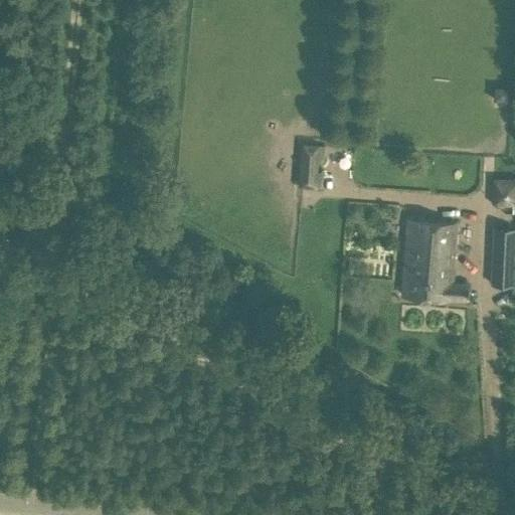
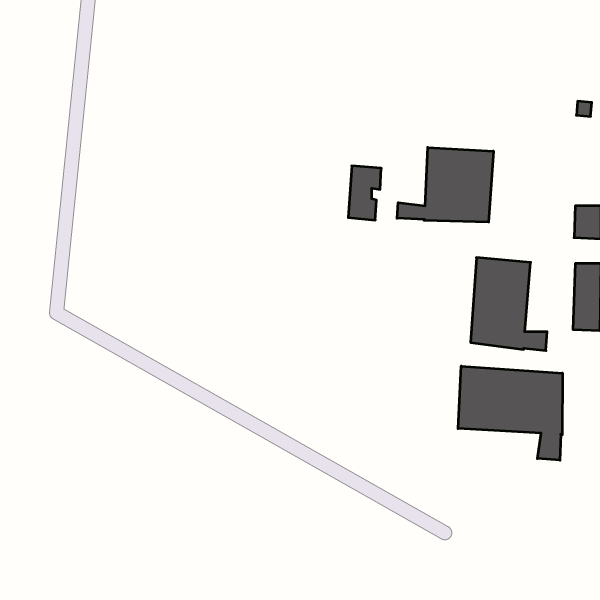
building: none -> [397,147,493,222]
building: none -> [458,366,562,460]

